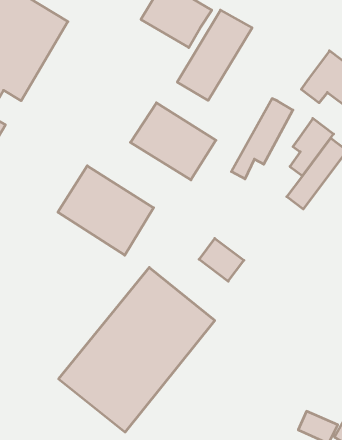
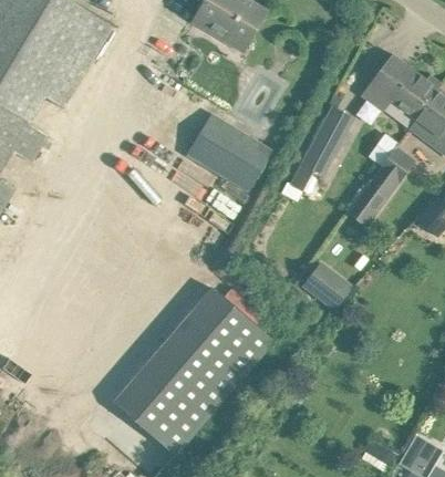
building: [177,10,252,100] -> none
building: [58,166,154,255] -> none
building: [199,238,244,281] -> [304,265,352,310]

